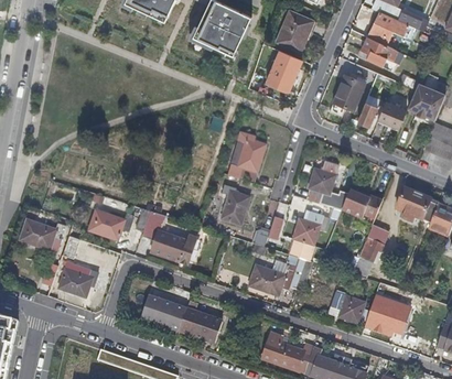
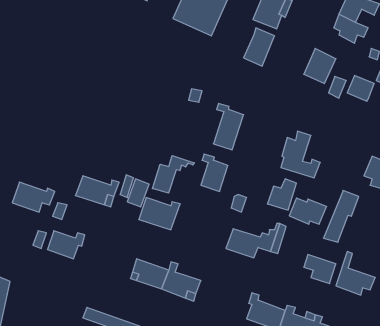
building: none -> [152,156,194,193]
building: [342,192,381,219] -> [289,198,327,224]

